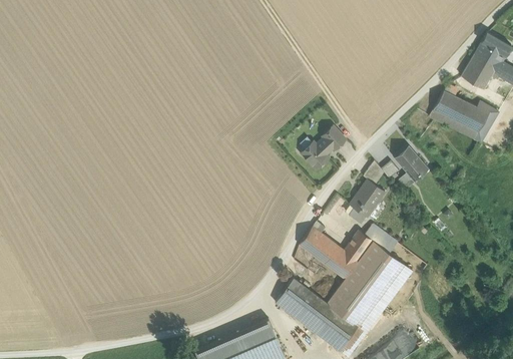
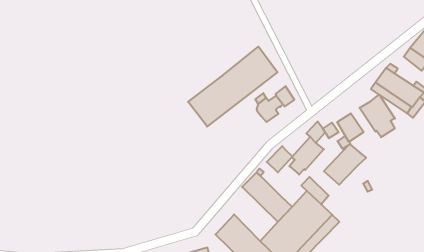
building: none -> [188,47,277,127]
building: none -> [360,95,395,137]
building: none -> [324,144,366,185]
building: [344,231,372,261] -> [267,146,293,172]

